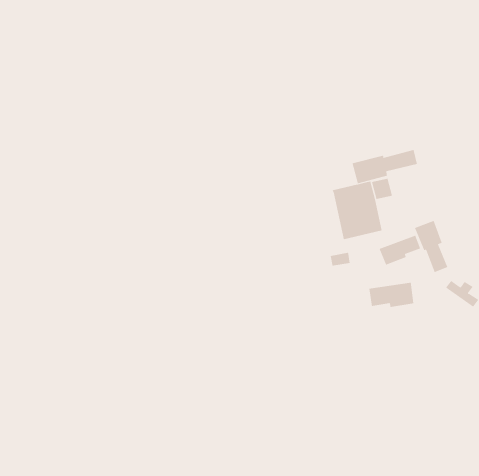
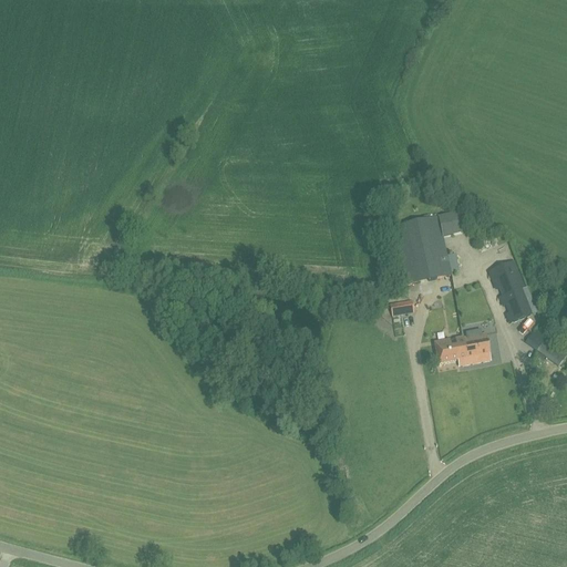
building: [352,149,418,184] -> none
building: [379,235,421,265] -> none

